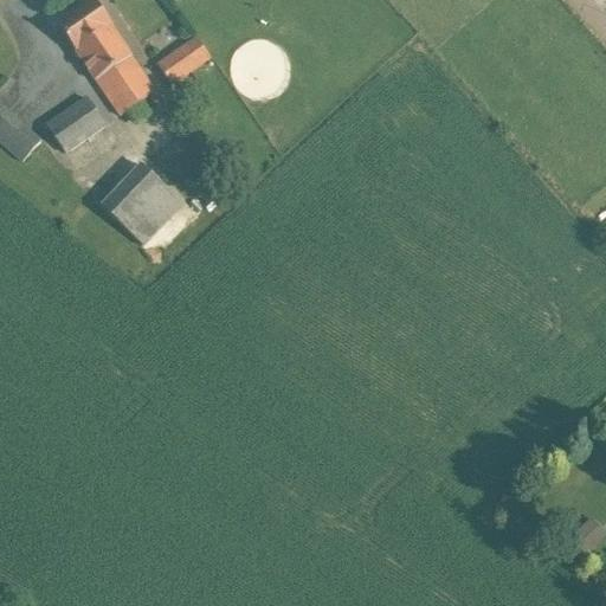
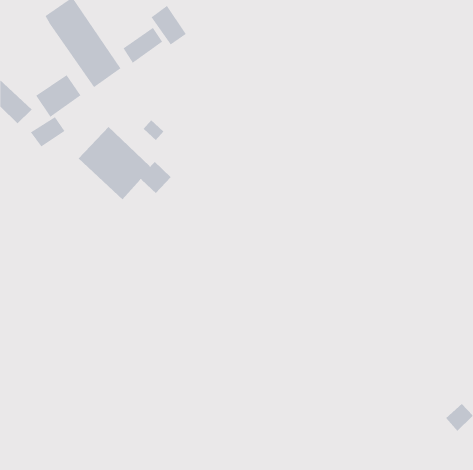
building: none -> [151,5,187,45]
building: none -> [30,116,65,148]

